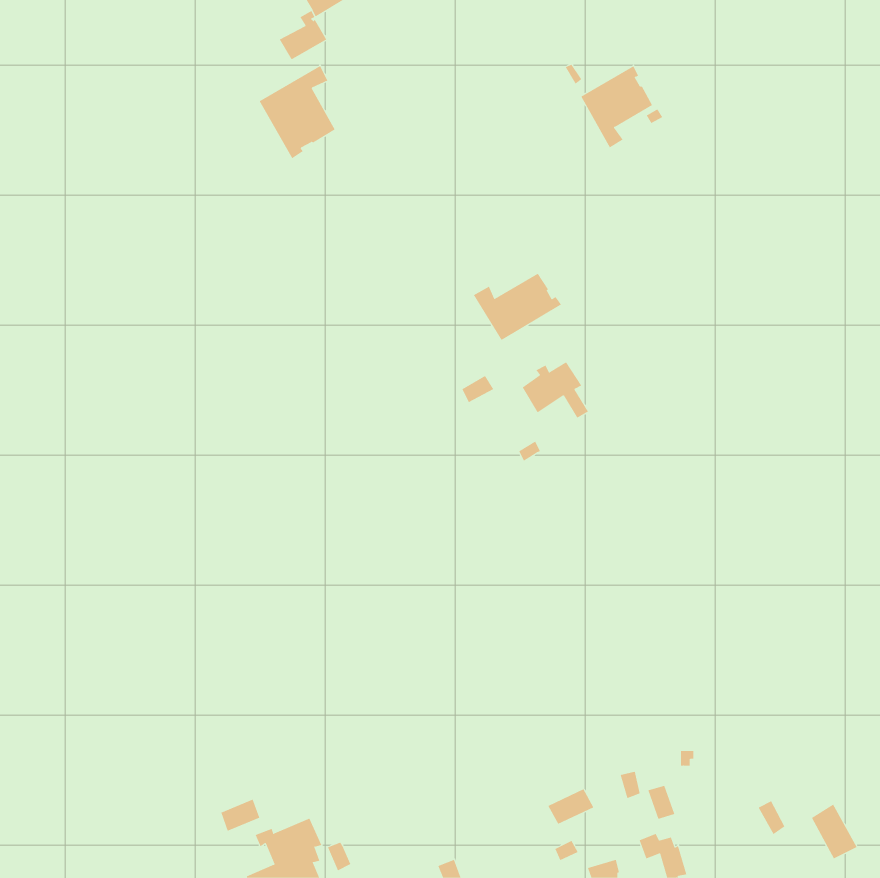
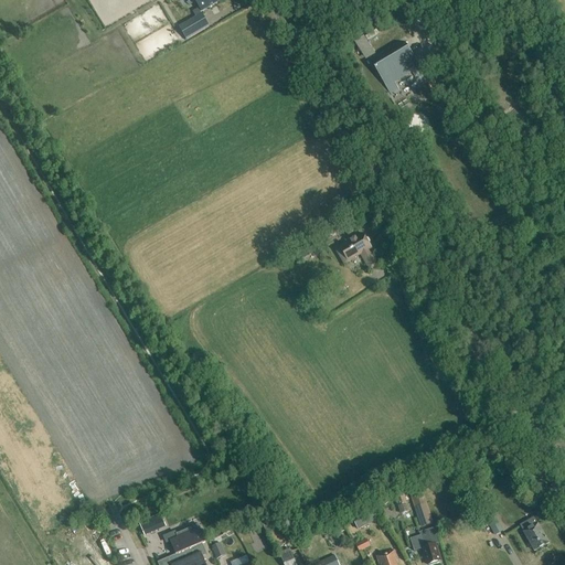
building: [259,65,336,159] -> none
building: [473,273,562,341] -> none

